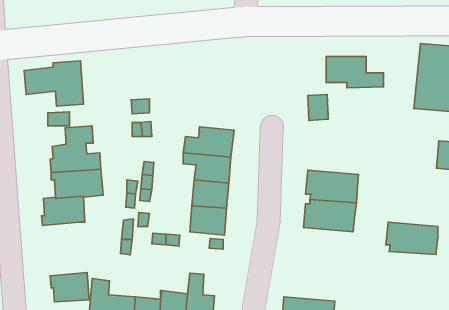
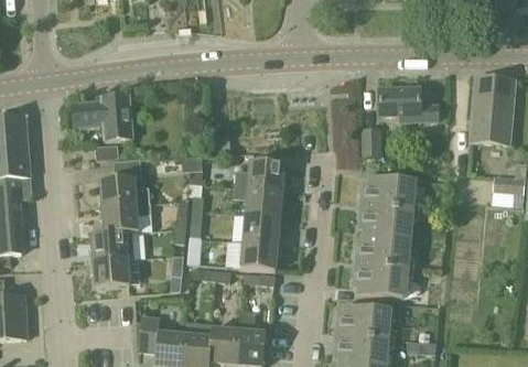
building: none -> [360,175,416,208]
building: [386,222,438,255] -> [354,262,407,295]
building: none -> [336,303,390,337]
building: [50,273,89,302] -> [90,257,130,287]

